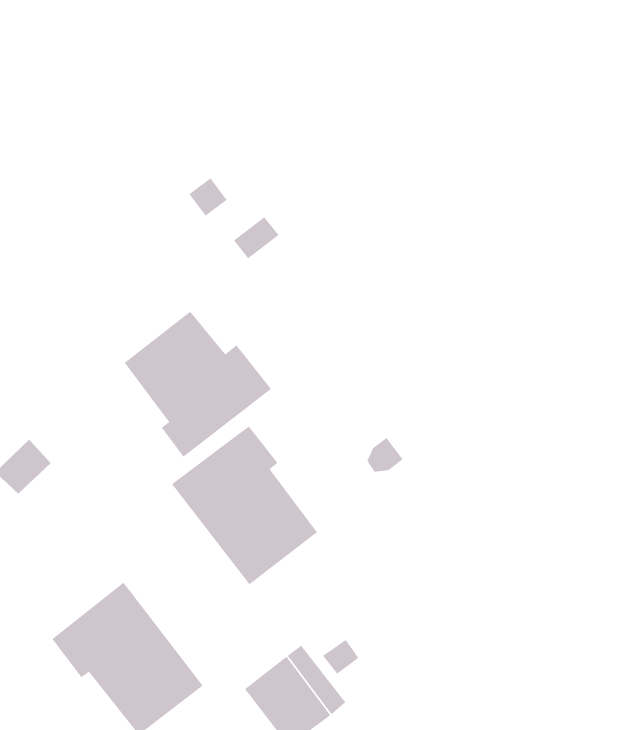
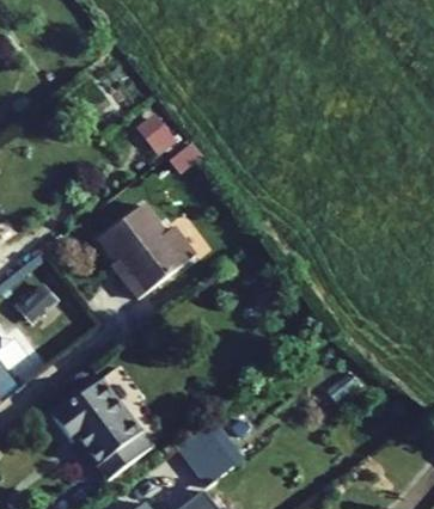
building: [171,425,318,585] -> none

